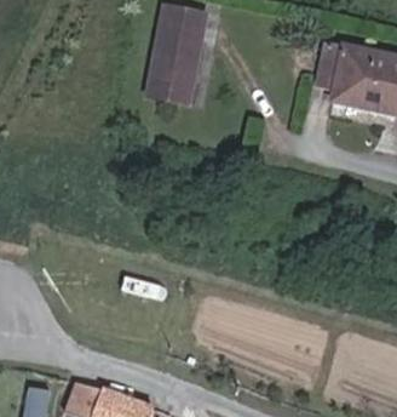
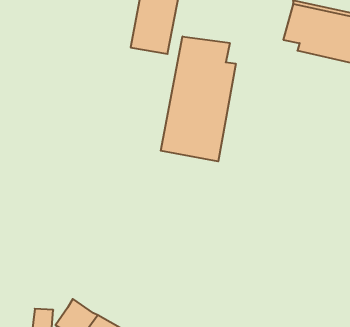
building: none -> [161,36,236,161]

